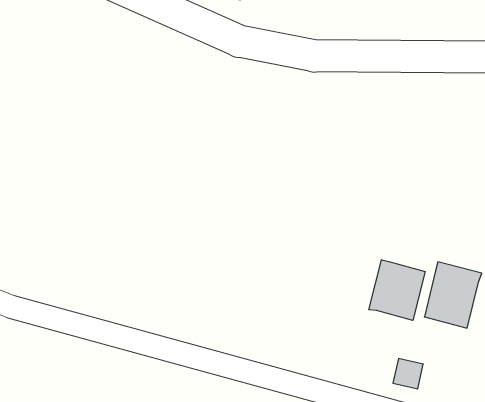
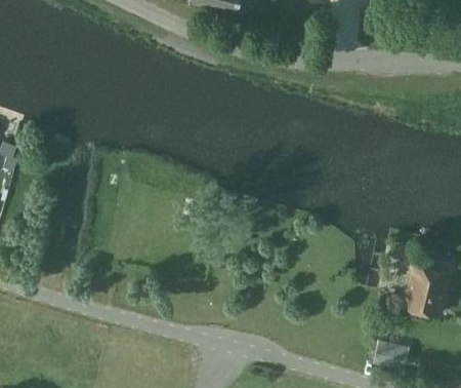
building: [369,260,425,320] -> none

